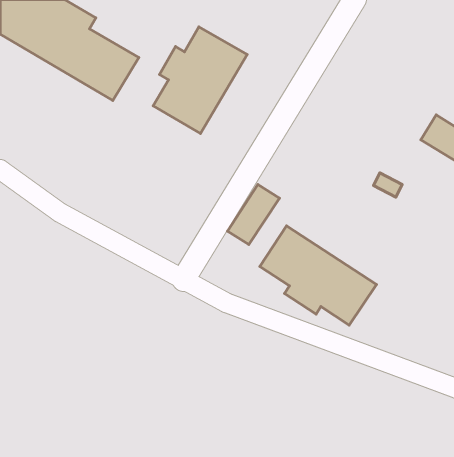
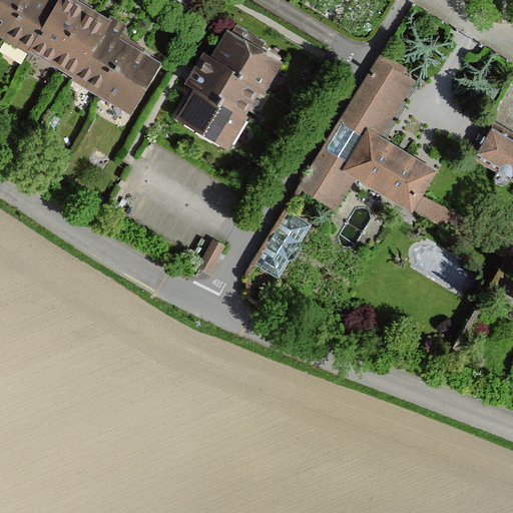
building: none -> [302,56,435,211]
building: [260,226,376,325] -> none

